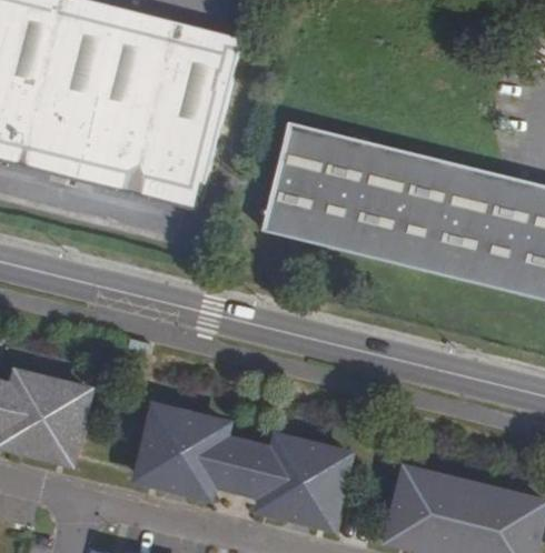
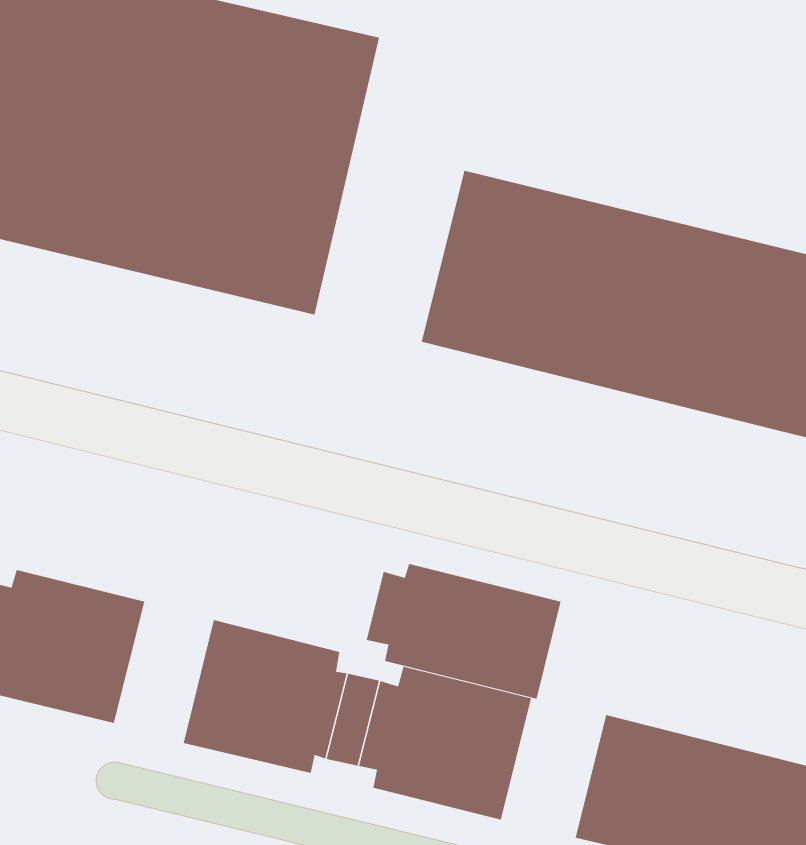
building: none -> [366,563,561,699]

